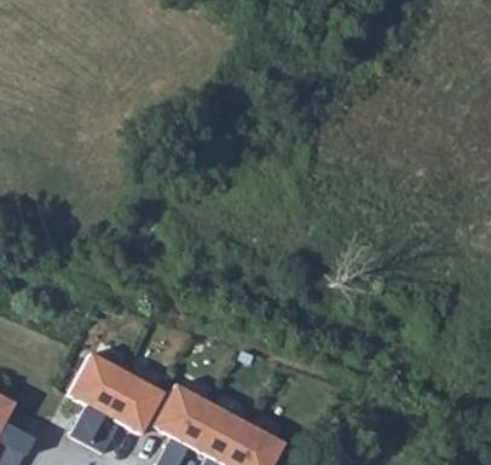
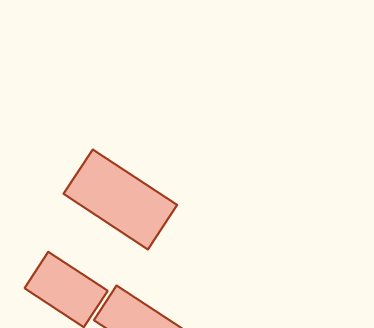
building: none -> [64,149,177,250]

